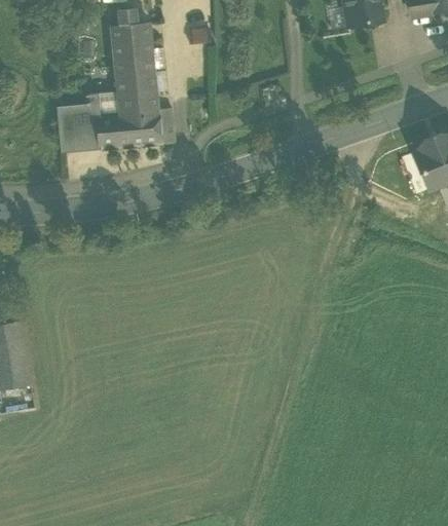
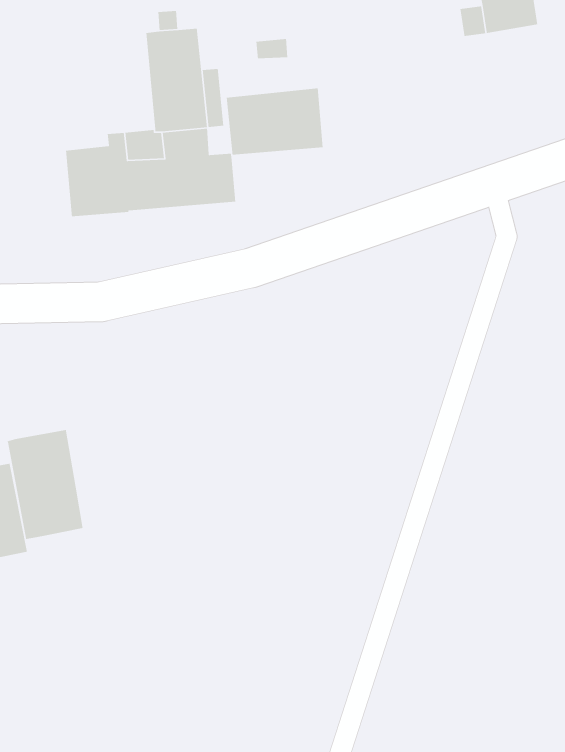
building: none -> [226,87,323,155]
building: none -> [7,429,84,540]

